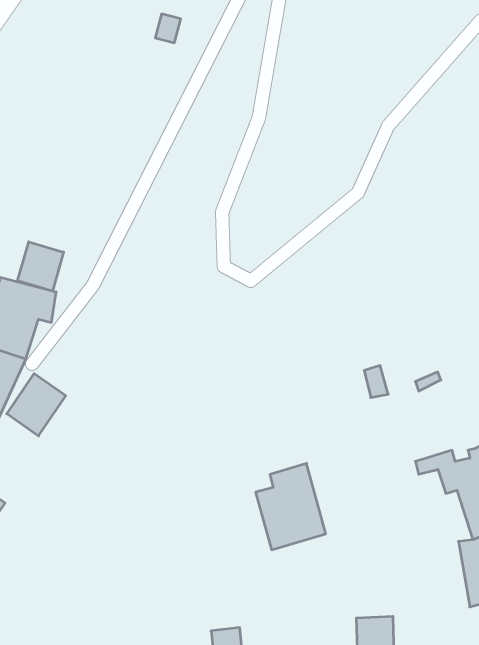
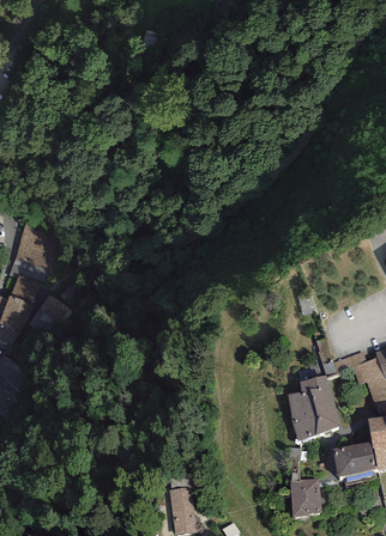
building: [18,242,64,291] -> none
building: [256,463,326,550] -> [287,374,339,439]
building: none -> [334,445,374,476]

